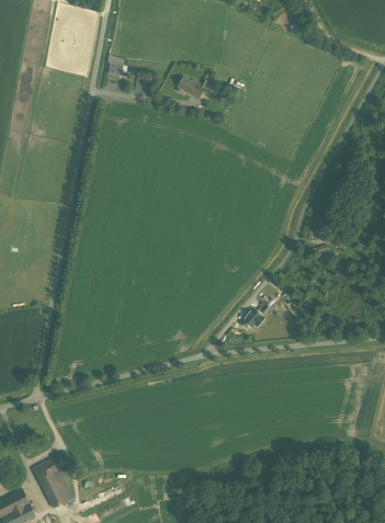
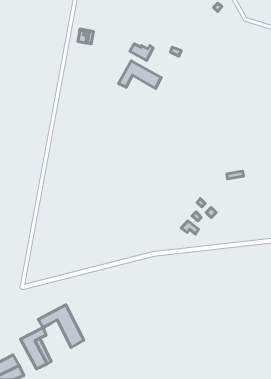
building: none -> [119,61,161,88]
building: none -> [38,305,84,347]

